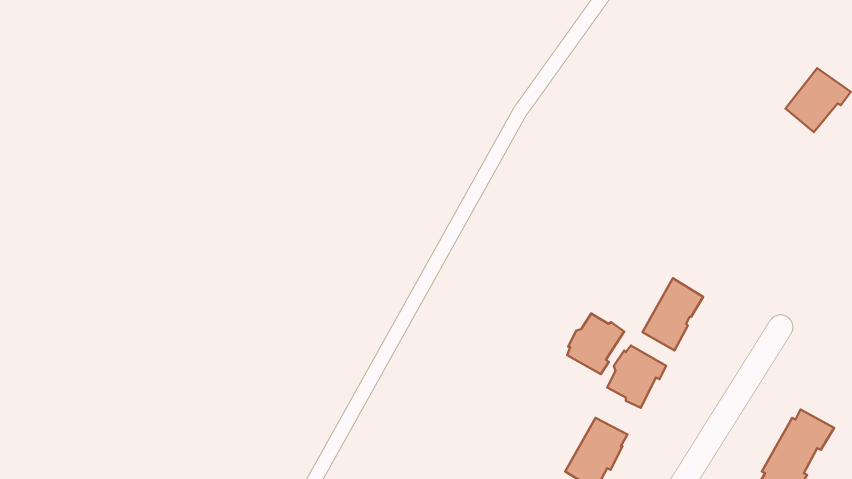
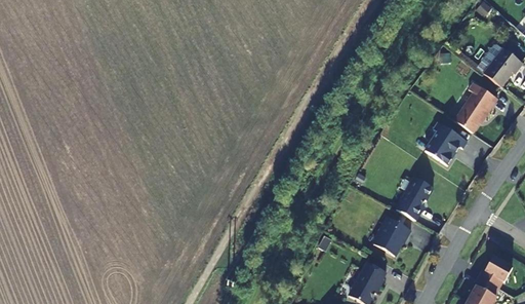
building: none -> [454,82,497,132]
building: none -> [425,122,468,165]
building: [567,314,624,374] -> none

